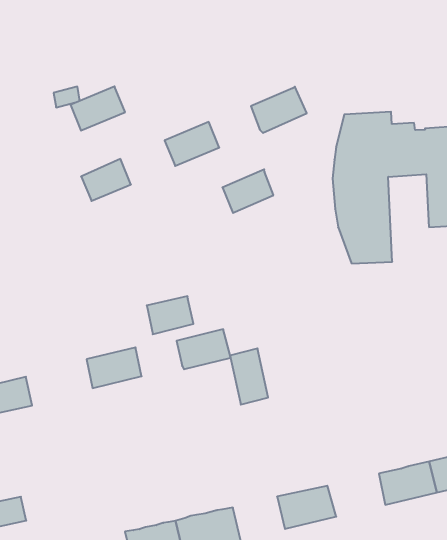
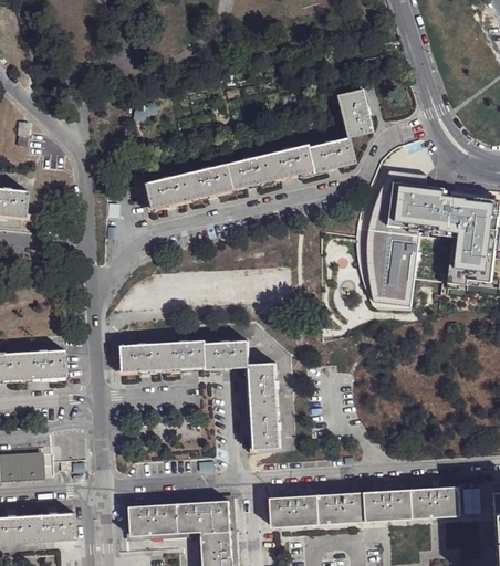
building: none -> [335,87,371,136]
building: [70,86,125,131] -> [181,164,229,198]
building: [222,169,273,213] -> [265,144,310,178]
building: [147,296,193,334] -> [167,342,206,370]
building: none -> [252,408,280,450]
building: none -> [317,492,366,524]

